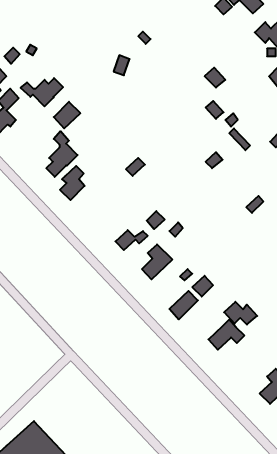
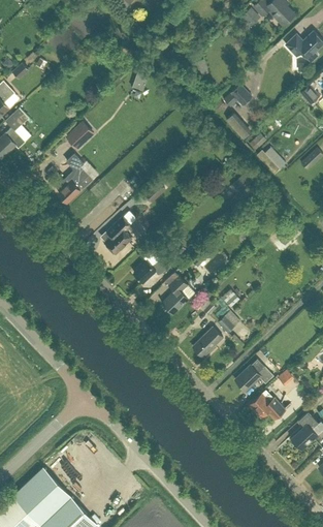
building: [21,78,63,106] -> none
building: [60,166,85,200] -> [105,218,132,255]
building: [224,302,257,325] -> [249,394,285,419]

